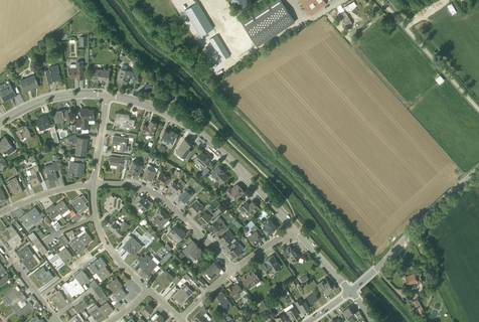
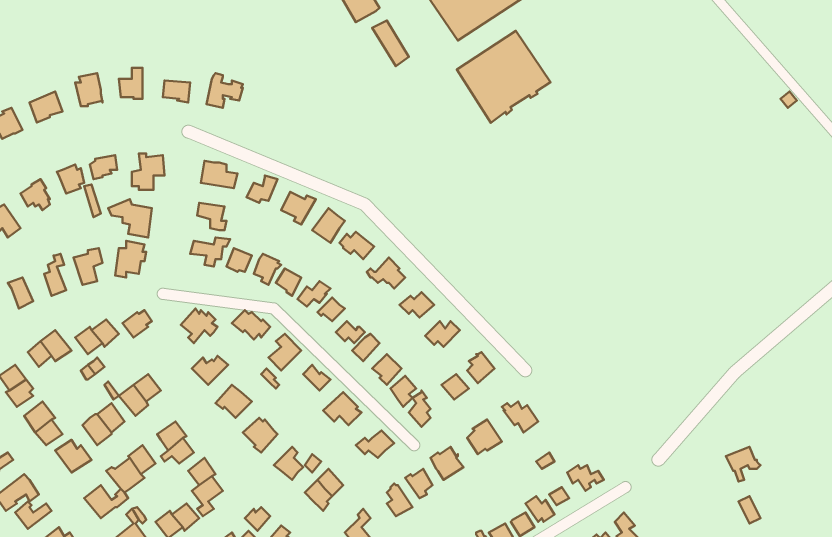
building: none -> [457,31,550,123]

